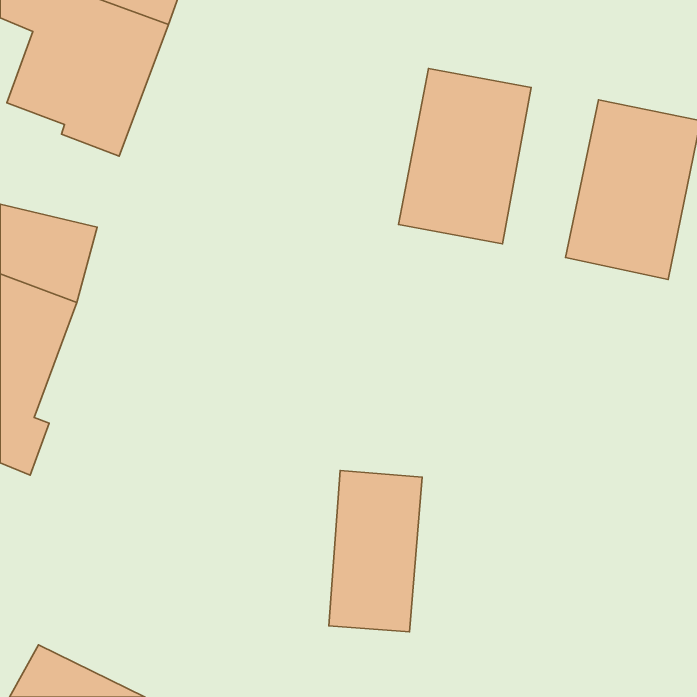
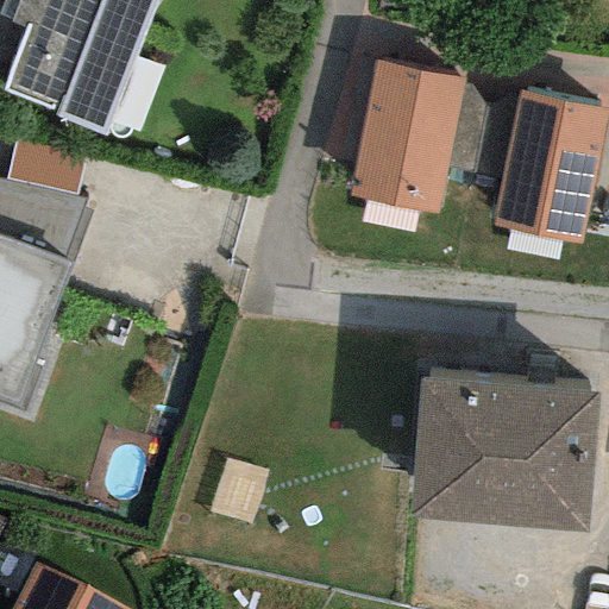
building: none -> [410,378,598,529]
building: [329,471,422,632] -> none

